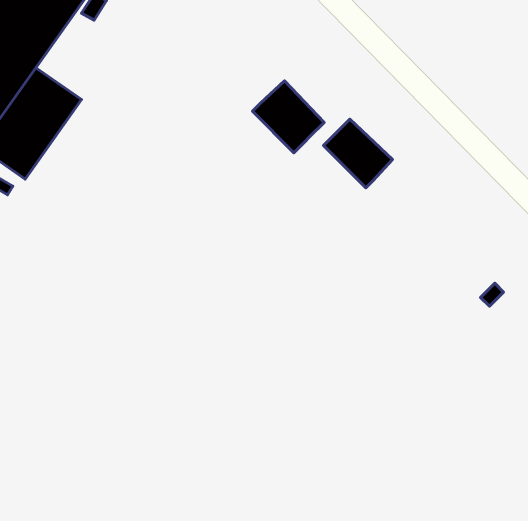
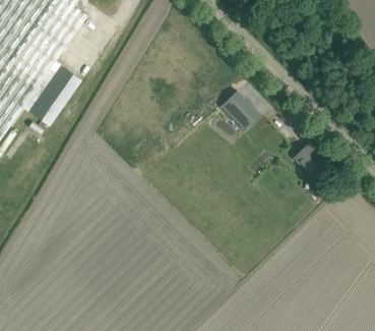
building: [252,81,324,153] -> none
building: none -> [294,143,324,173]

